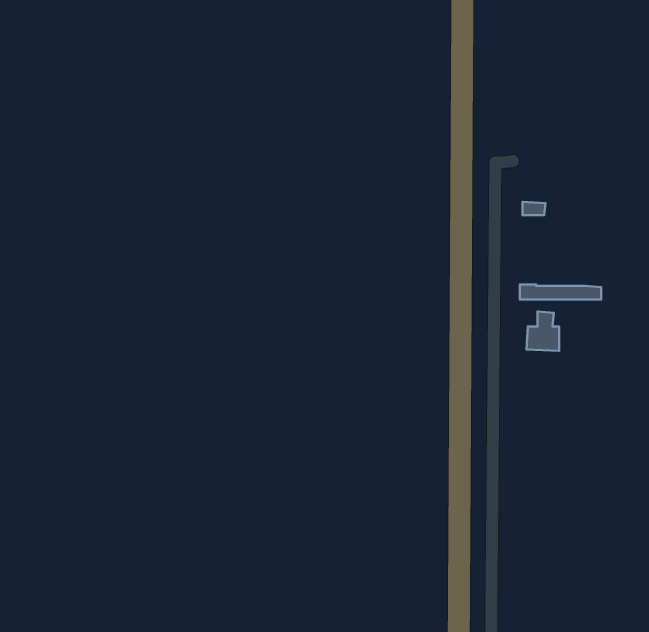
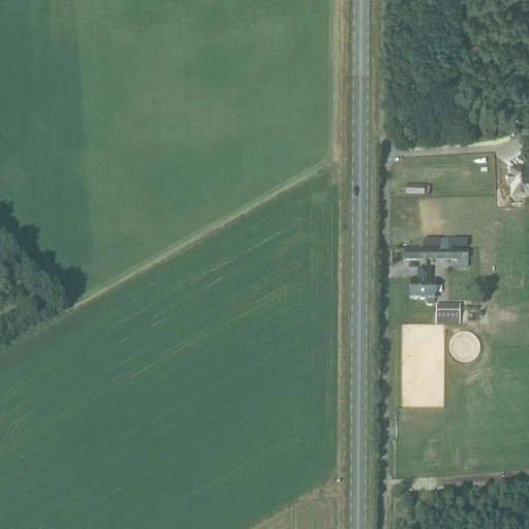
building: none -> [438,304,459,323]

